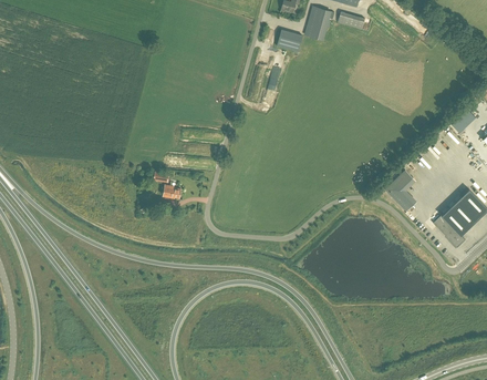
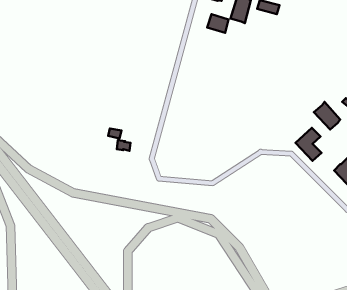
building: none -> [314,102,340,129]

